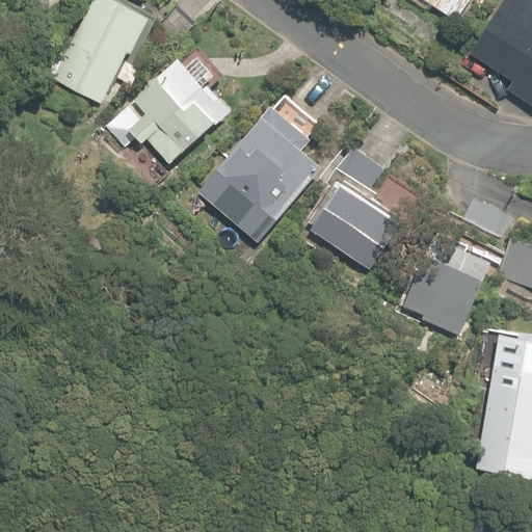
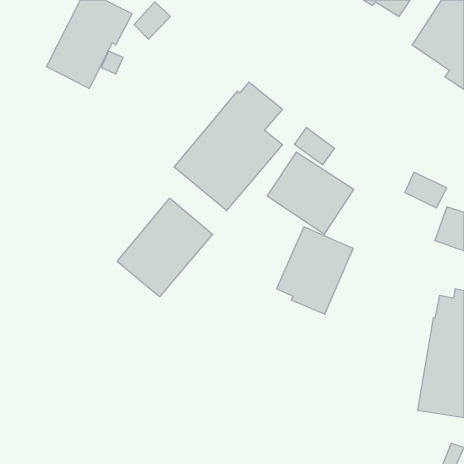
building: [104,47,231,163] -> none
building: none -> [117,198,213,297]
building: [403,236,490,336] -> [277,227,353,314]

